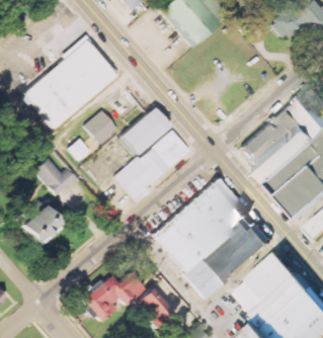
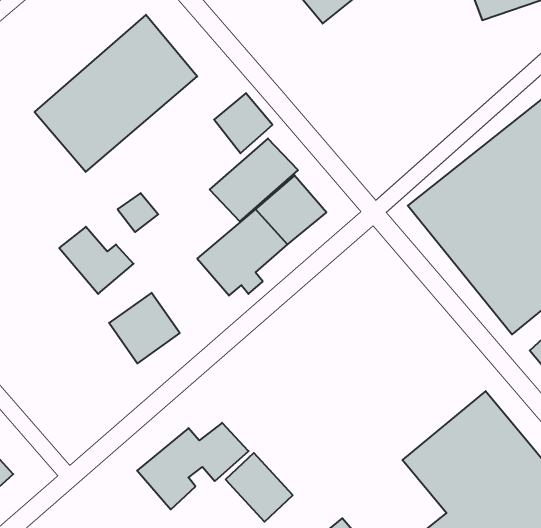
building: [85,110,118,145] -> [214,93,272,153]
building: [150,179,271,299] -> none
building: [22,205,63,246] -> [109,293,180,363]

